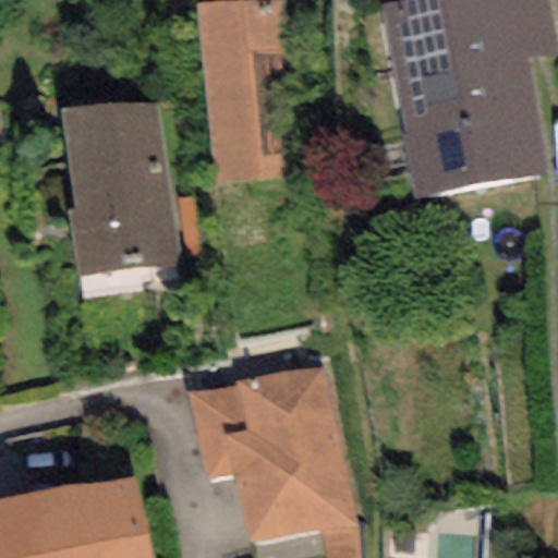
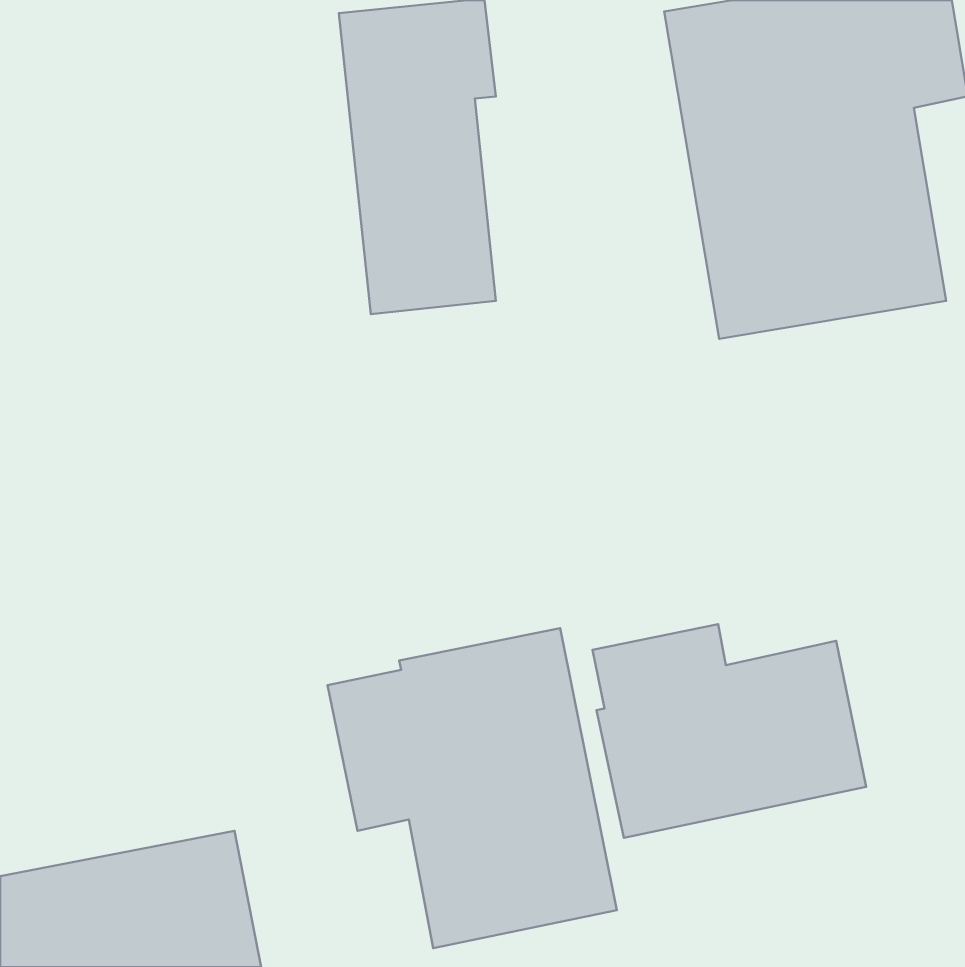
building: [61,101,180,279] -> none
building: none -> [592,624,866,838]

